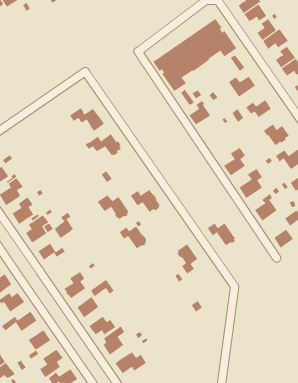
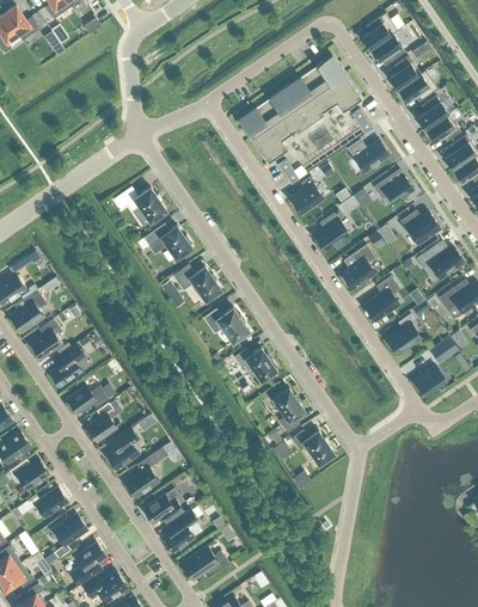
building: none -> [314,209,349,251]
building: [97,195,129,220] -> [172,264,220,301]
building: [54,212,74,239] -> [86,401,116,441]
building: [207,223,236,246] -> [290,430,333,465]
building: [119,226,147,249] -> [234,347,276,381]

